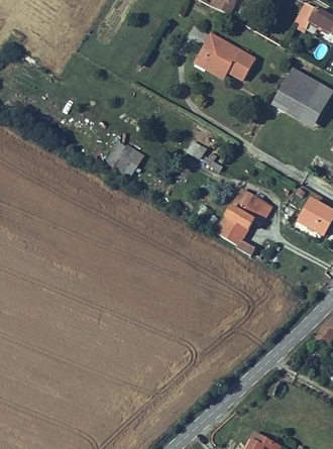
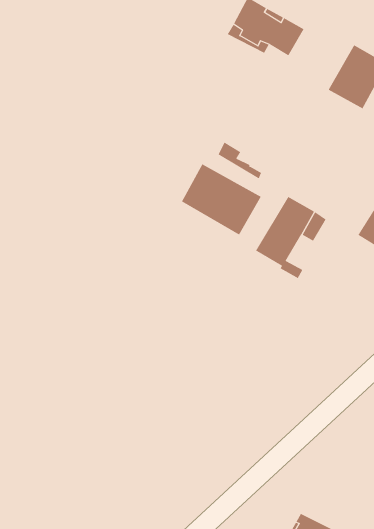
building: [114,146,143,179] -> none
building: none -> [181,163,261,235]

